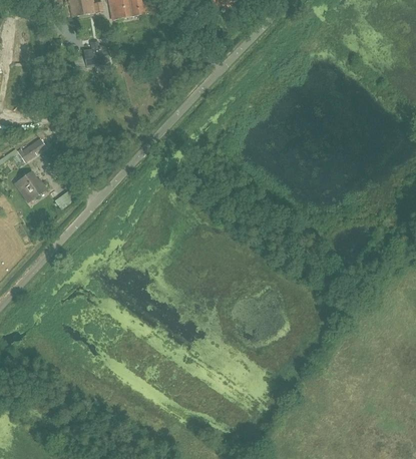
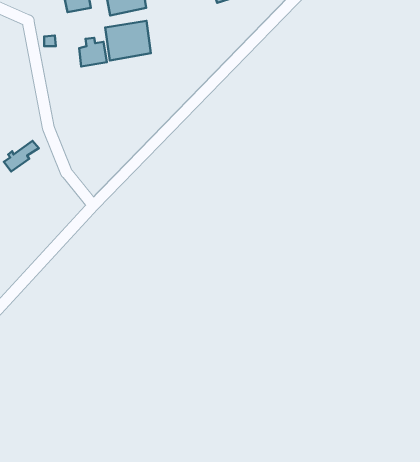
building: none -> [105,21,151,60]
building: [13,171,45,198] -> none

